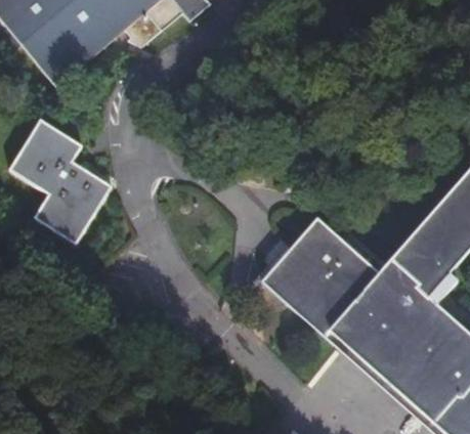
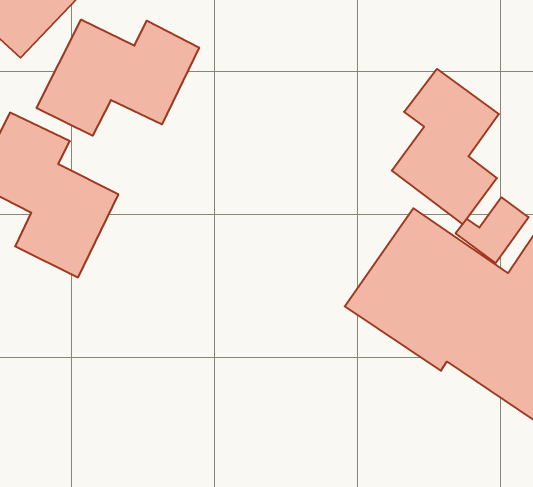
building: none -> [37,20,199,136]
building: none -> [392,69,499,224]

